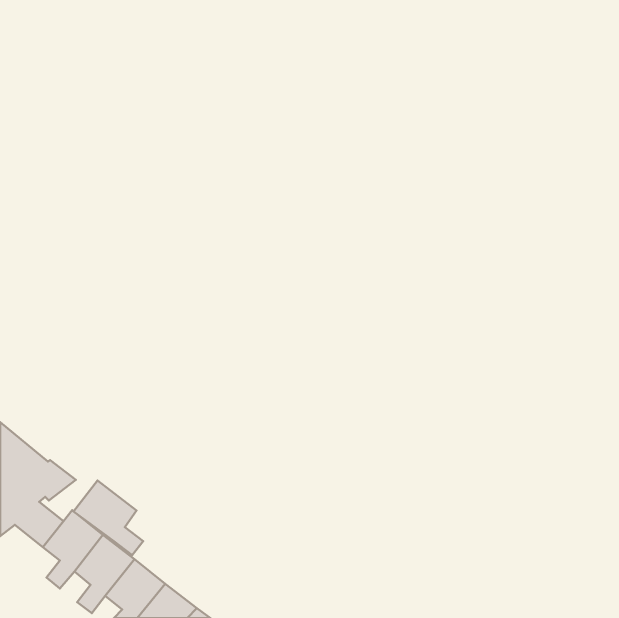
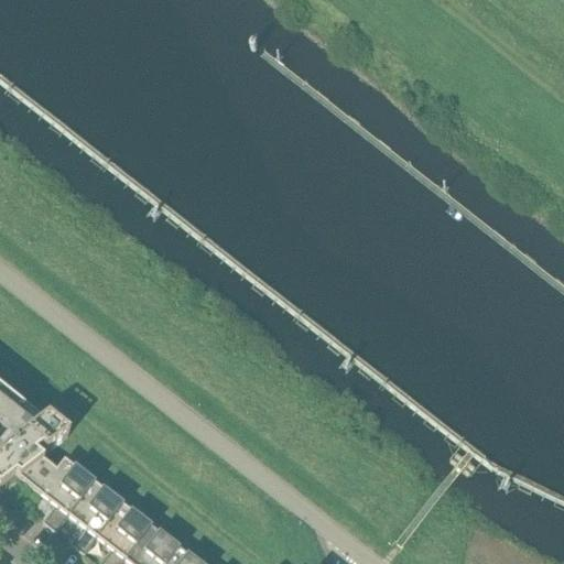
building: [74,480,143,555] -> none

